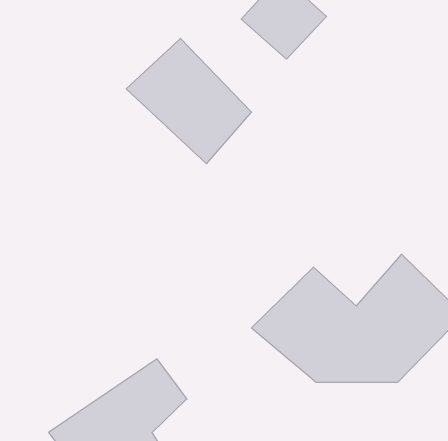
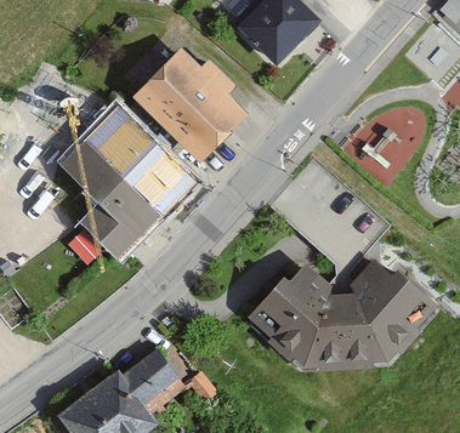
building: none -> [52,104,193,261]

